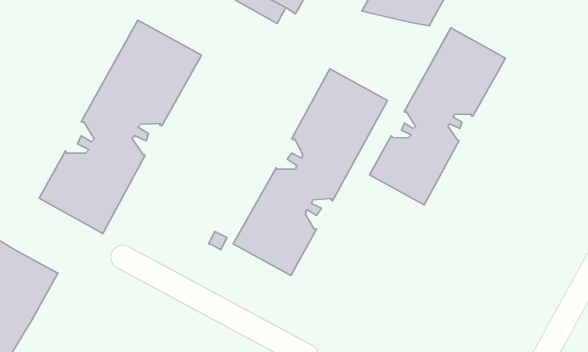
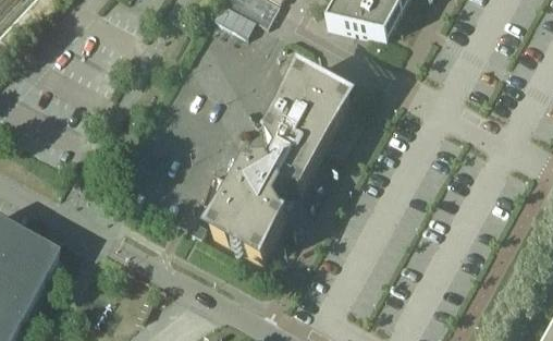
building: [39,20,202,233] -> none
building: [370,28,506,205] -> none

